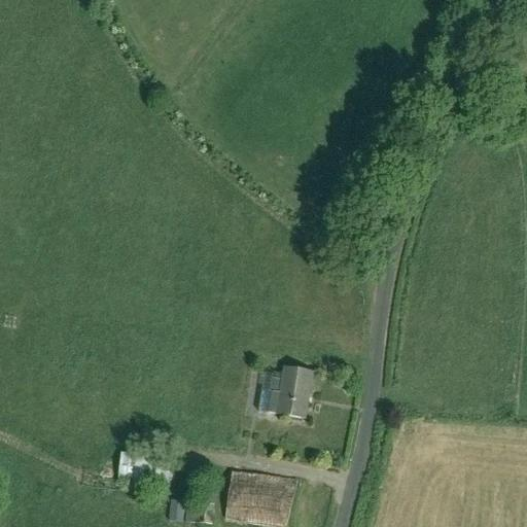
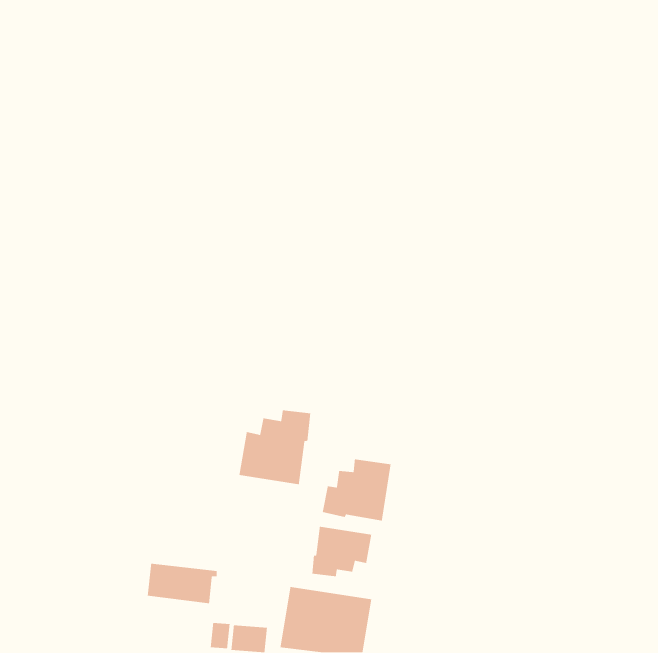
building: none -> [239,410,311,485]
building: none -> [311,526,372,577]

